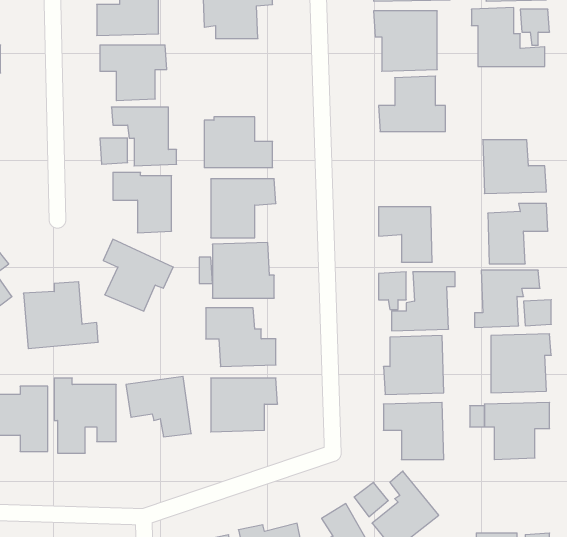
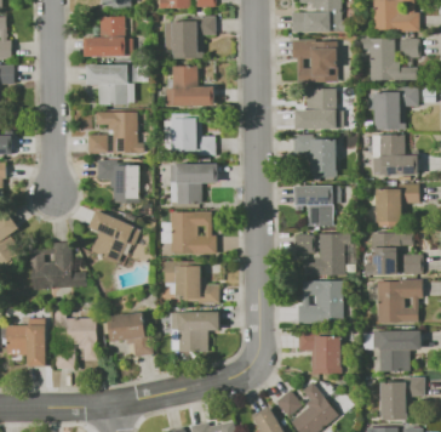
building: none -> [165,66,216,106]
building: none -> [376,86,418,130]
building: none -> [294,133,338,176]
building: none -> [380,376,425,420]

